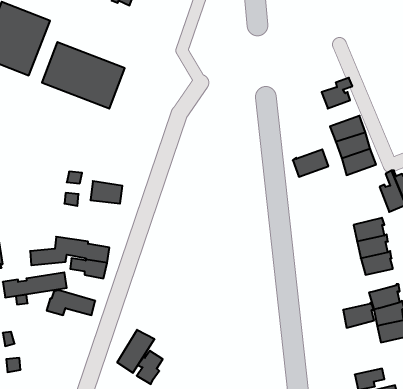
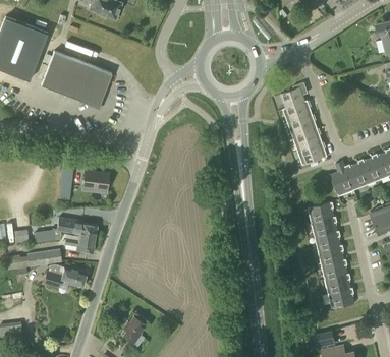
building: [293,149,328,177] -> [282,100,313,123]
building: [343,303,374,328] -> [318,244,344,265]
building: [117,330,154,373] -> none

